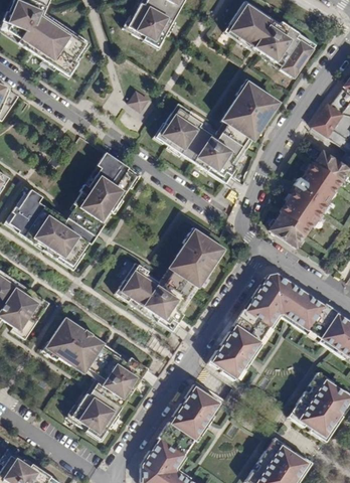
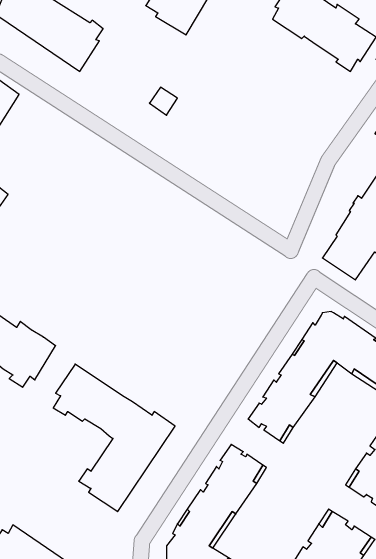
building: [155,79,279,181] -> none
building: [8,152,136,266] -> none
building: [115,231,224,330] -> none

